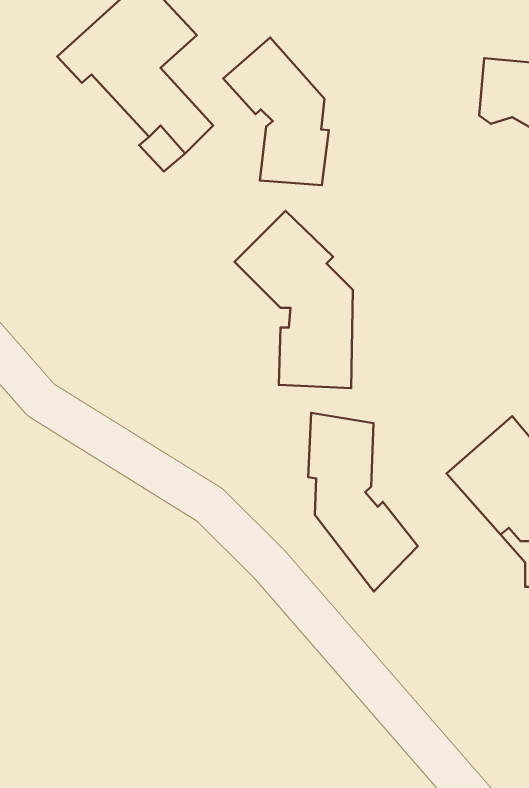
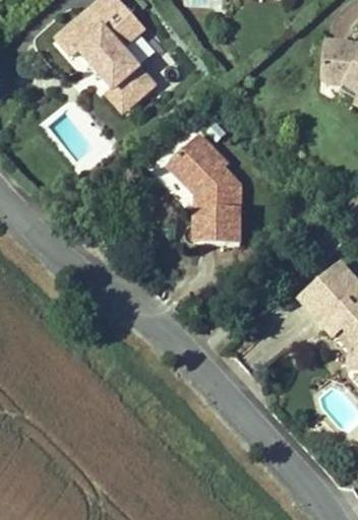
building: [223,38,329,185] -> none
building: [308,413,418,591] -> none

